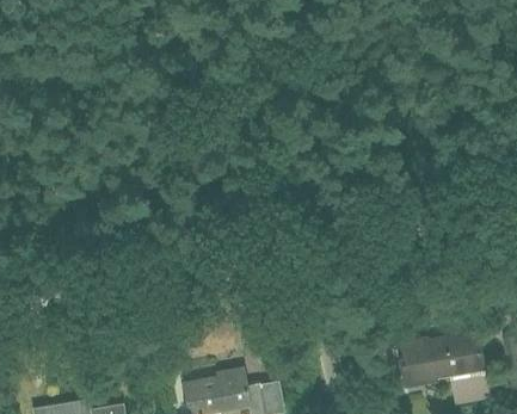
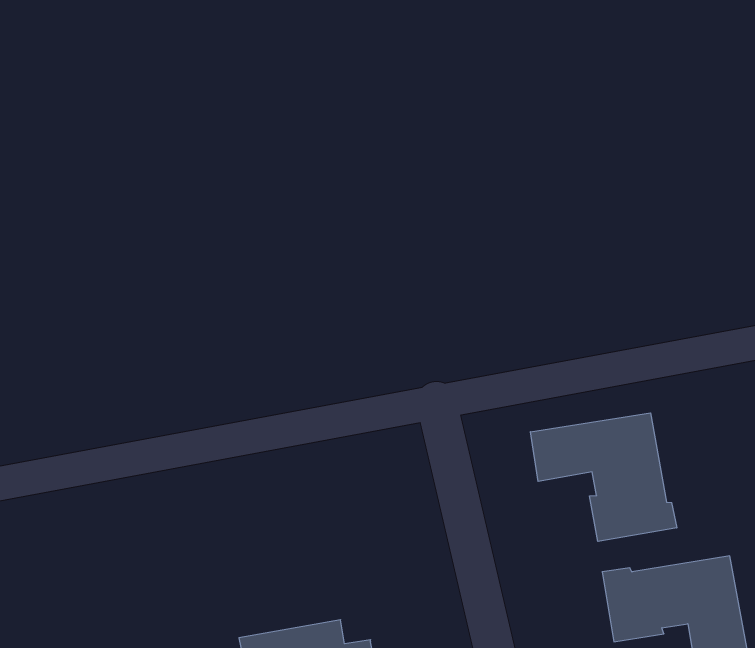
building: none -> [530,413,677,541]

